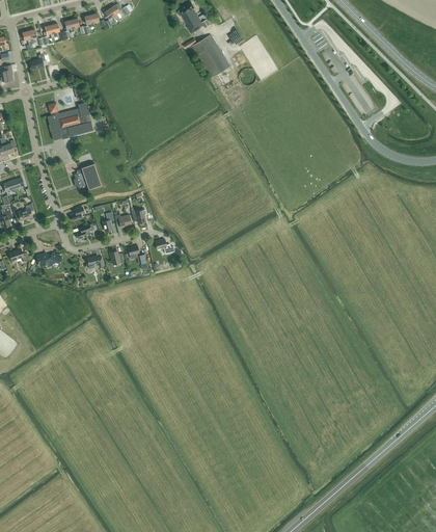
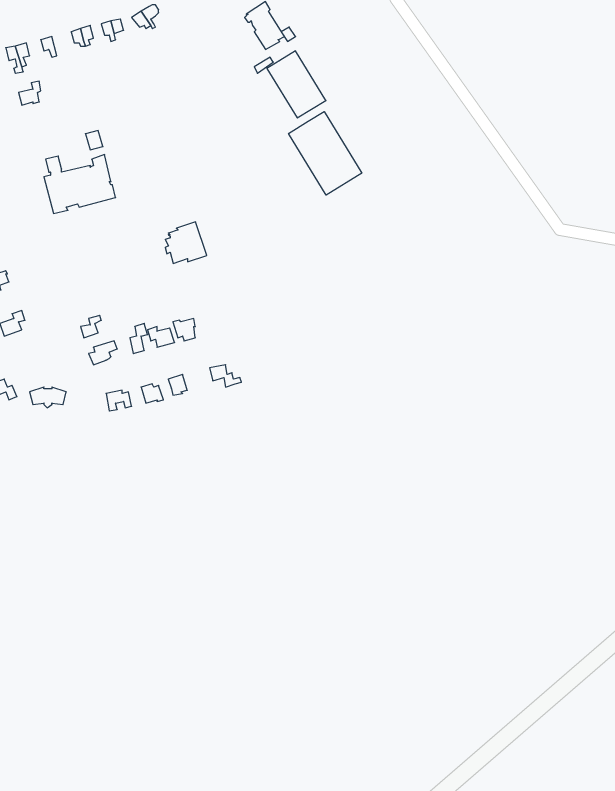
building: none -> [289,112,362,195]
building: [74,163,101,190] -> [165,222,207,263]

